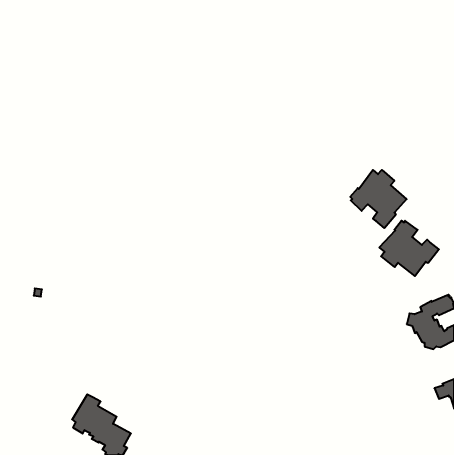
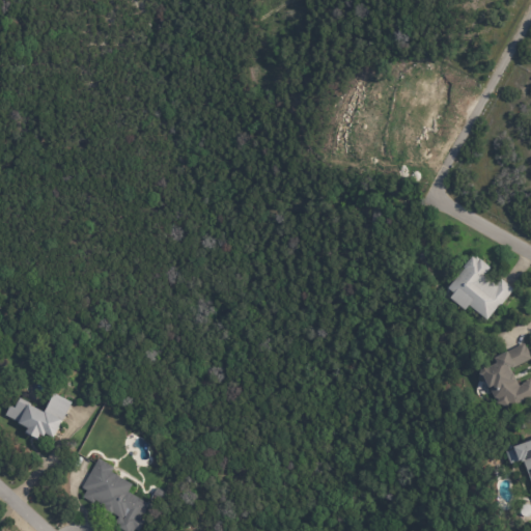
building: [350,170,407,228] -> none
building: none -> [5,392,76,438]

